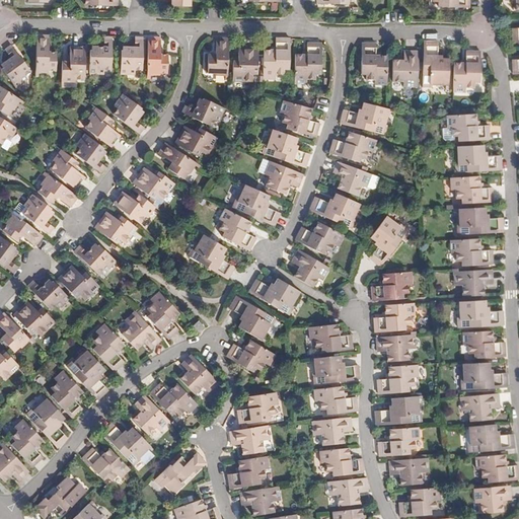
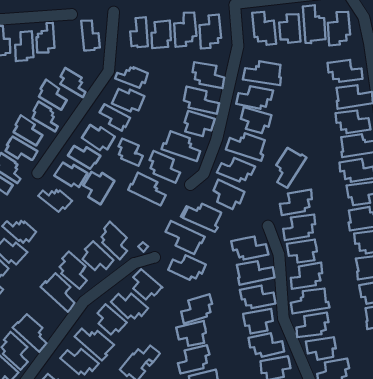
building: [120,36,143,72] -> none
building: none -> [119,138,143,166]
building: none -> [83,172,114,205]
building: [58,263,98,297] -> none
building: [49,366,81,415] -> none

